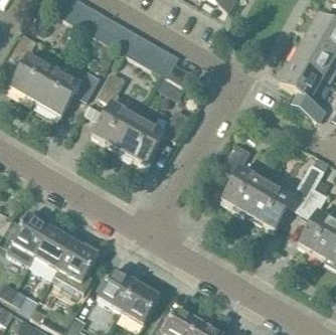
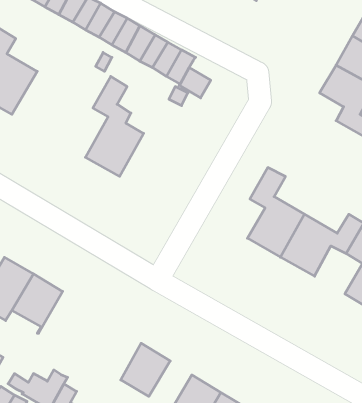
building: [33,66,100,116] -> none
building: [119,108,189,164] -> none
building: [51,241,97,293] -> none
building: [96,270,136,312] -> none

